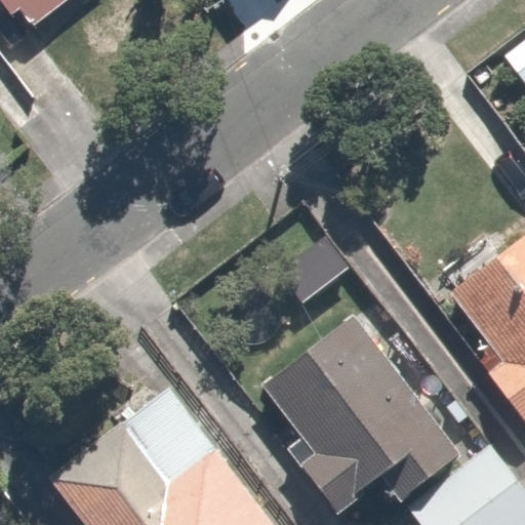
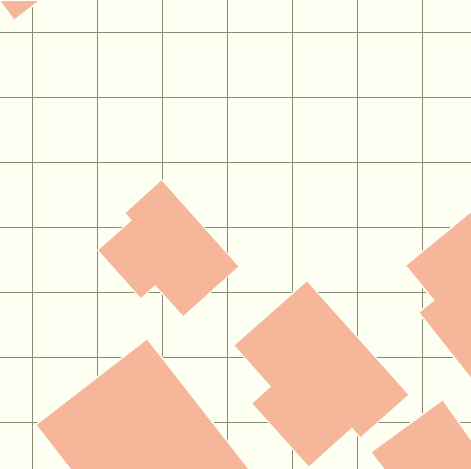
building: none -> [98,180,239,317]

